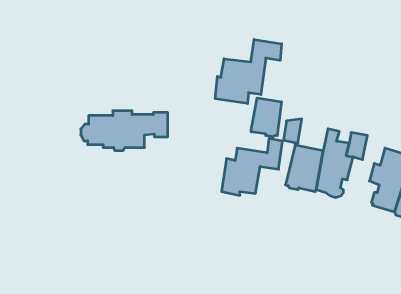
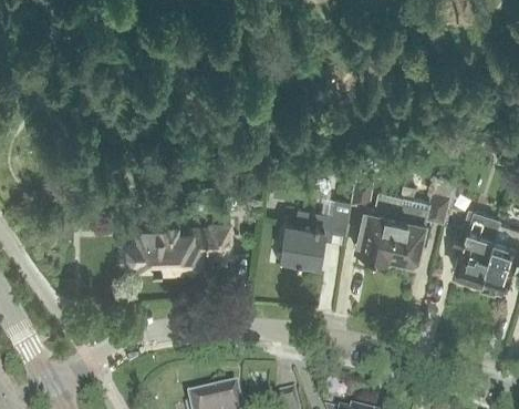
building: [215,39,282,104] -> none
building: [251,98,281,137] -> none
building: [81,111,168,150] -> [128,226,228,272]

